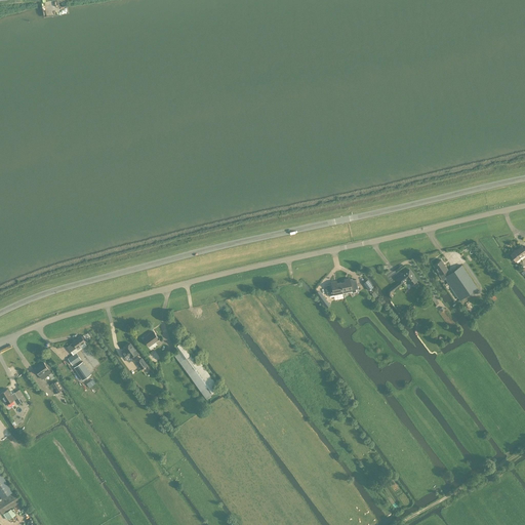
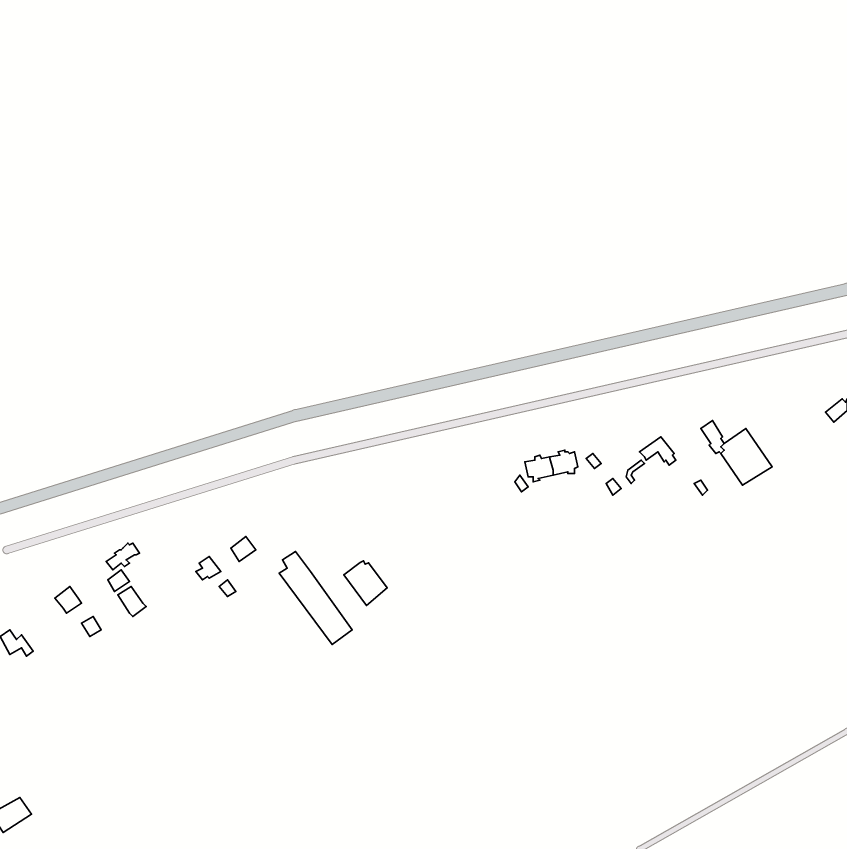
building: none -> [344,561,387,605]

